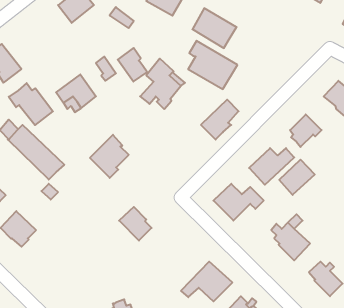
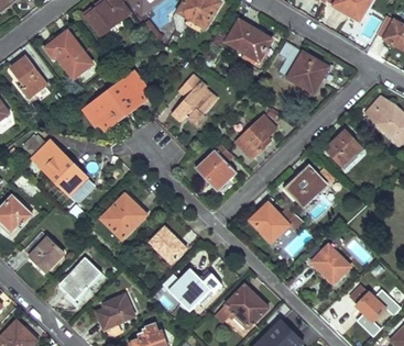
building: [188,41,237,89] -> [277,43,329,93]
building: [118,48,147,82] -> [109,78,140,113]
building: [9,83,53,125] -> [45,34,91,78]
building: none -> [196,143,237,189]
building: [90,135,129,178] -> [101,194,142,239]
building: [279,160,315,195] -> none
building: none -> [59,259,100,301]
building: none -> [163,269,221,312]
building: none -> [97,295,133,328]

